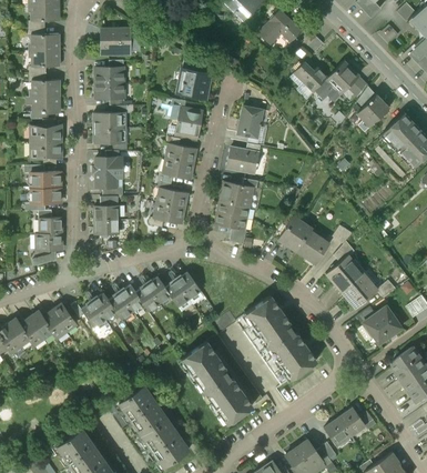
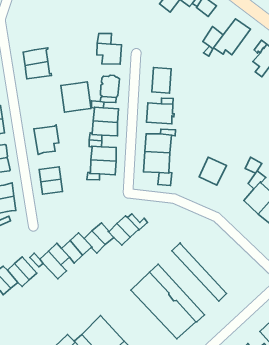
building: [100,28,129,53] -> none
building: [93,112,124,143] -> [61,82,91,112]
building: [296,230,329,264] -> none
building: [245,295,315,378] -> none

